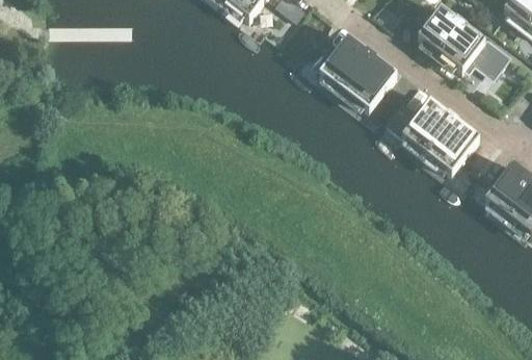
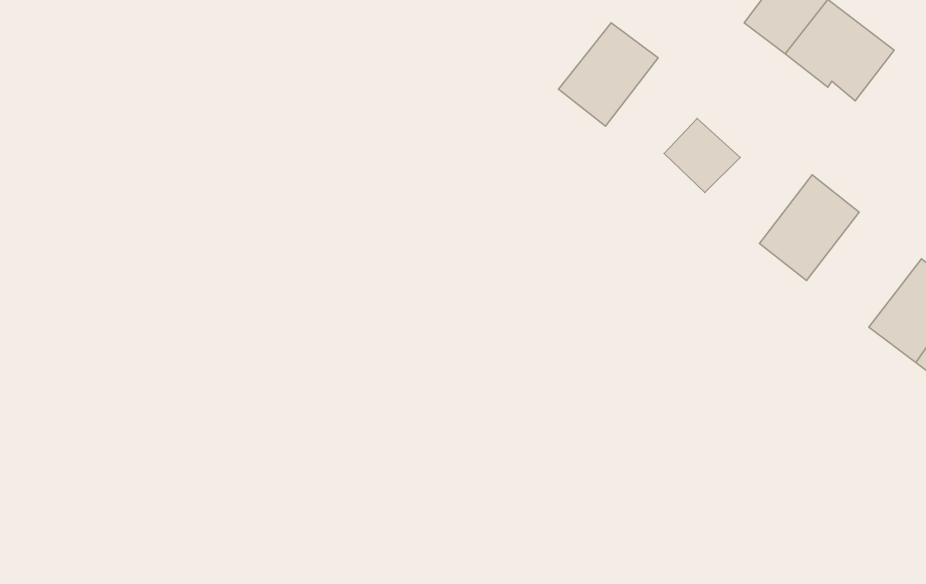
building: [344,56,397,111] -> none
building: [402,100,454,155] -> none

